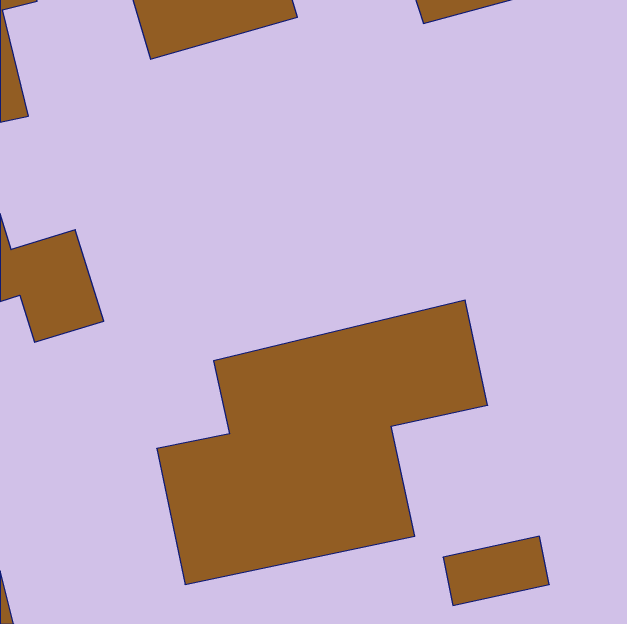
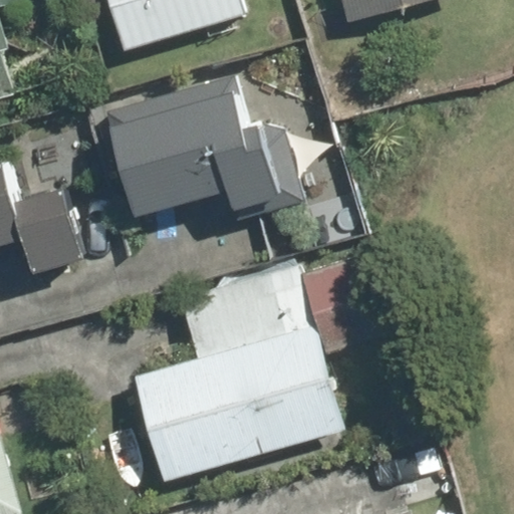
building: none -> [103,78,280,219]

